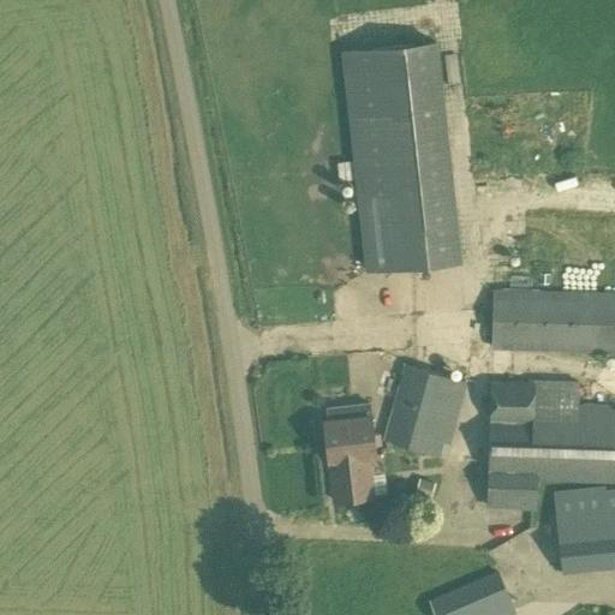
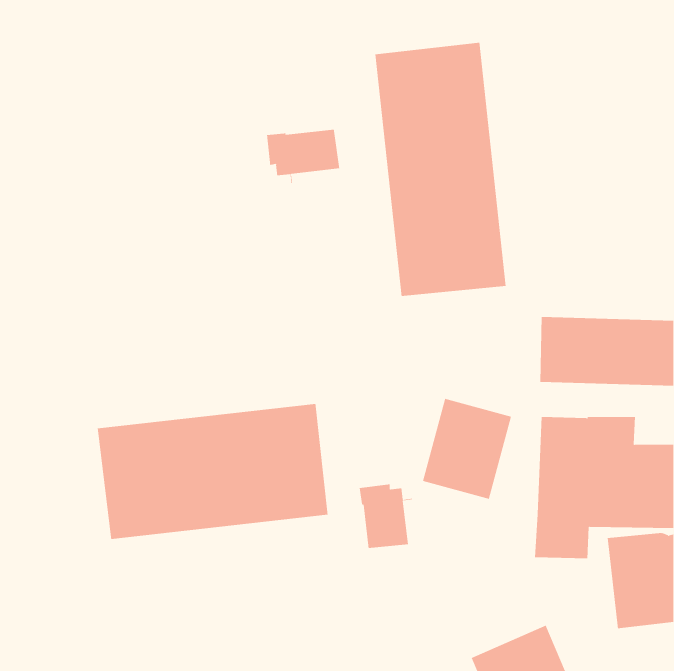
building: none -> [266,129,340,184]
building: none -> [97,403,328,540]
building: [324,406,376,458] -> none

